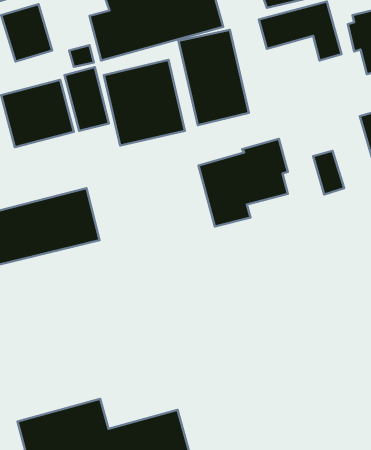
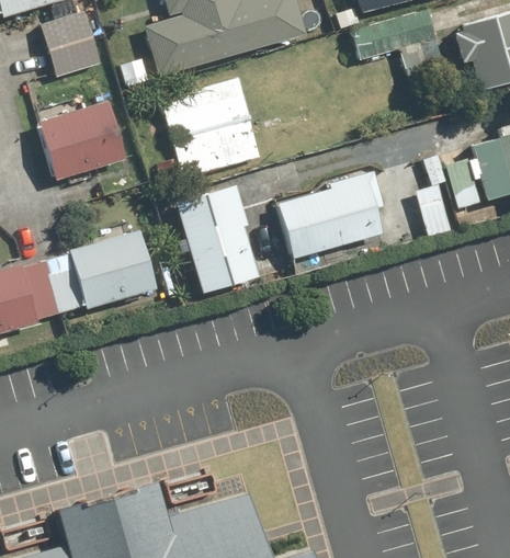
building: [179,30,249,125] -> none
building: [65,67,109,131] -> none
building: none -> [174,184,261,295]

